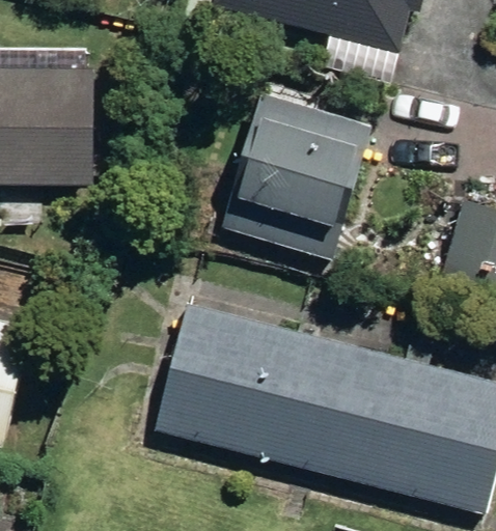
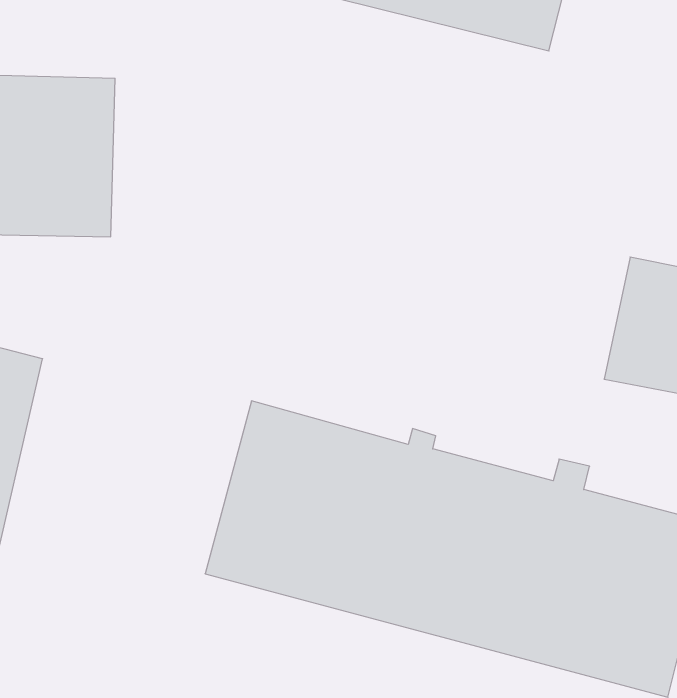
building: [216,94,366,256] -> none

